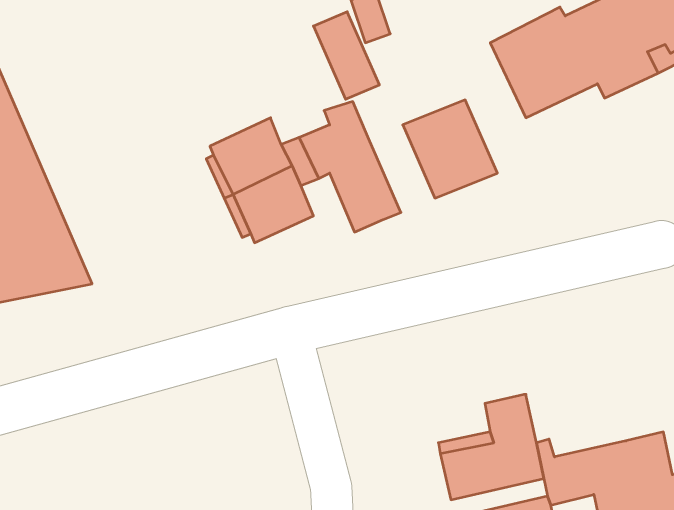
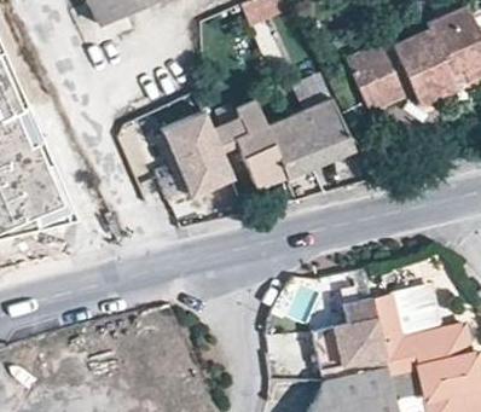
building: [313,12,379,99] -> [265,117,309,176]
building: none -> [371,286,439,342]

